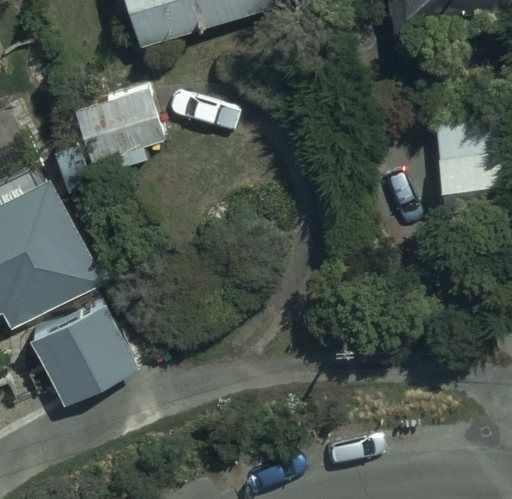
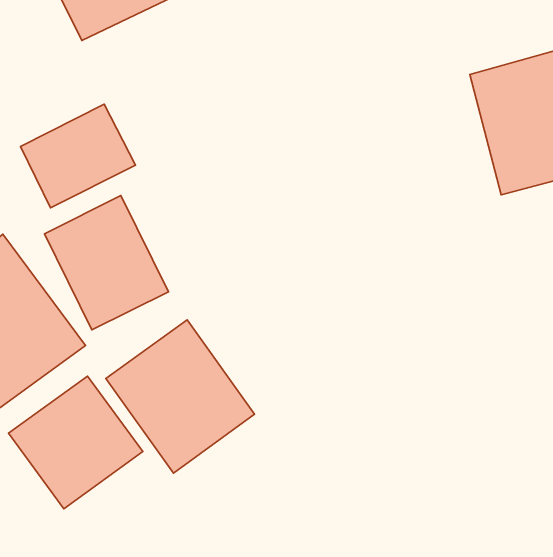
building: none -> [44,195,168,330]
building: none -> [106,320,255,473]

